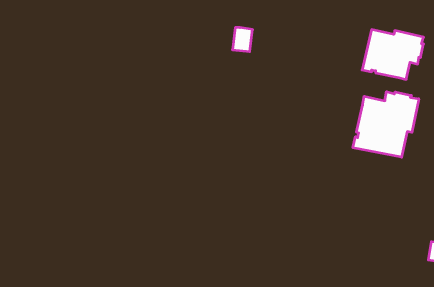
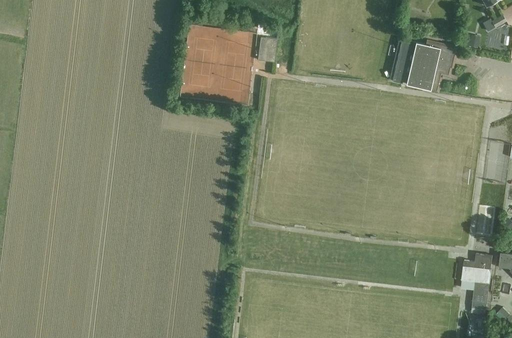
building: [353,92,419,157] -> none

